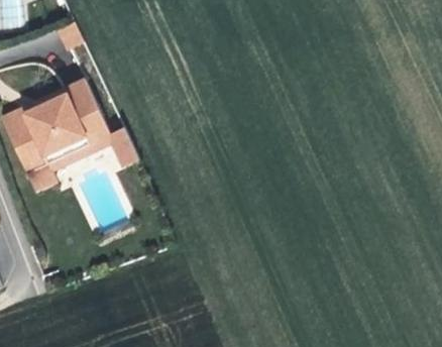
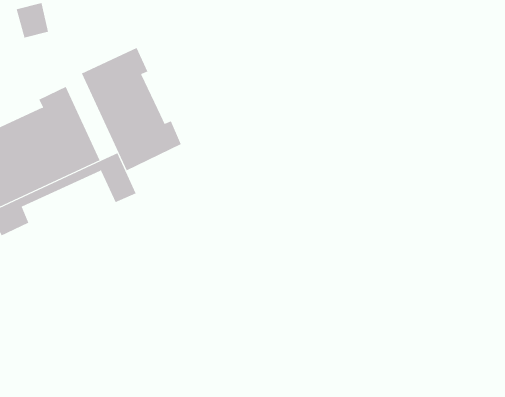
building: none -> [81,47,182,171]

